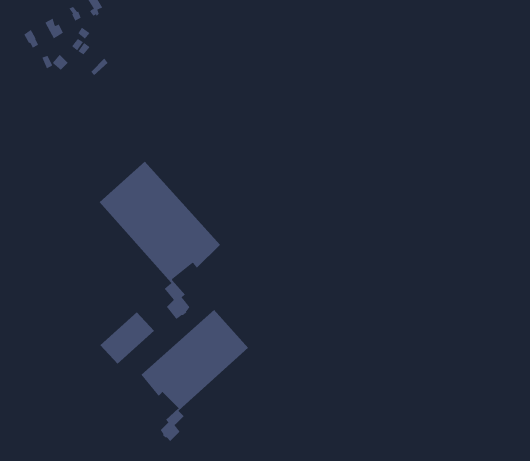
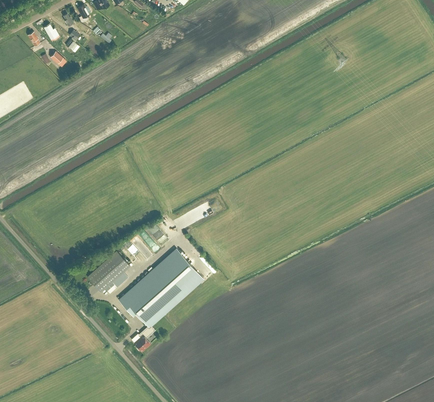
building: [99,161,221,320] -> none

